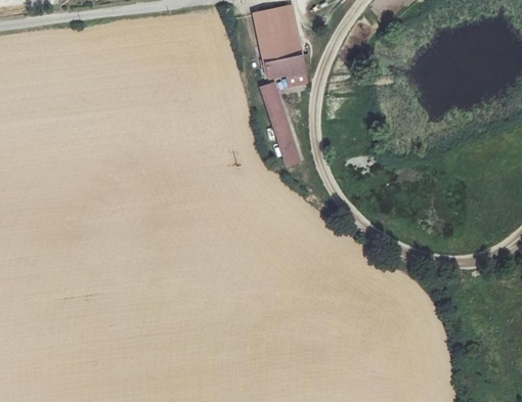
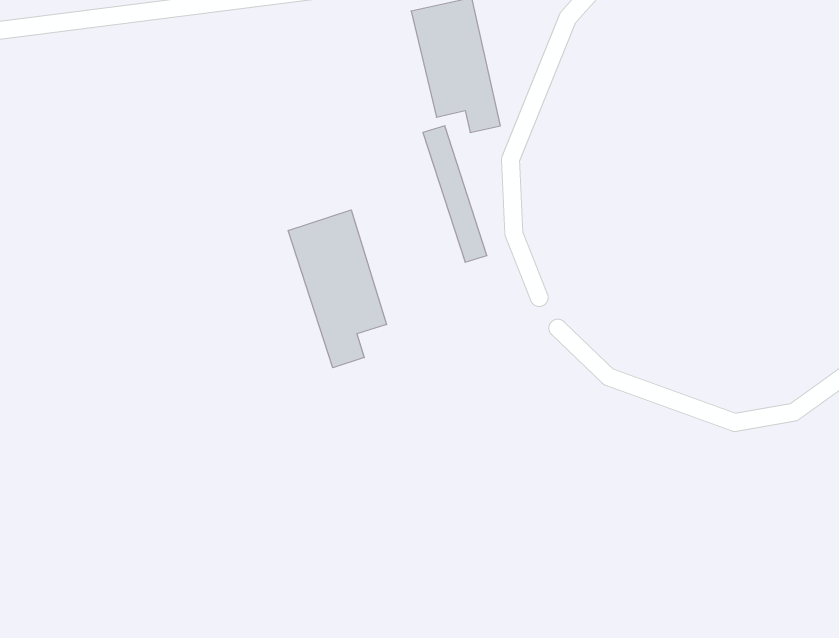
building: none -> [288,210,387,368]

